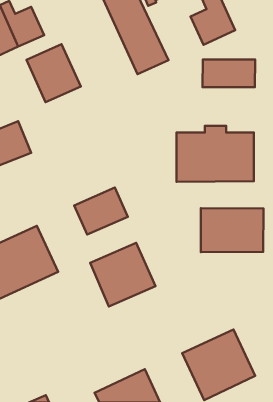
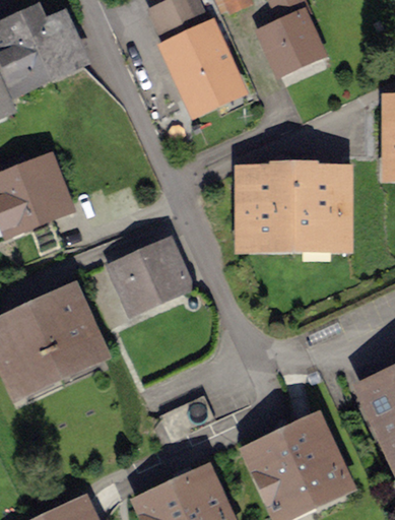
building: [26,44,81,102] -> none
building: [203,60,255,87] -> none
building: [201,208,264,252] -> none
building: [90,243,155,307] -> none

